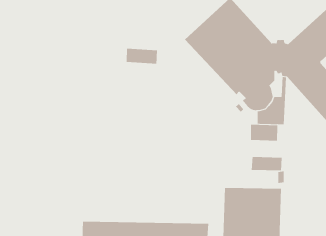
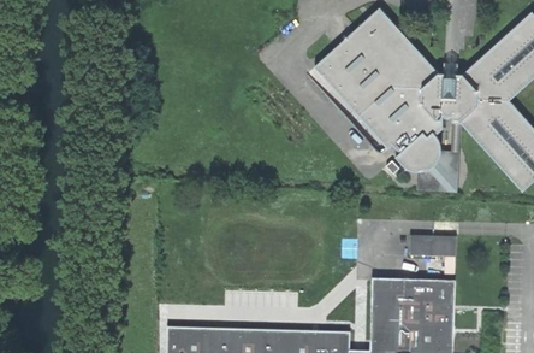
building: [126,48,157,64] -> none
building: [251,124,278,141] -> none

